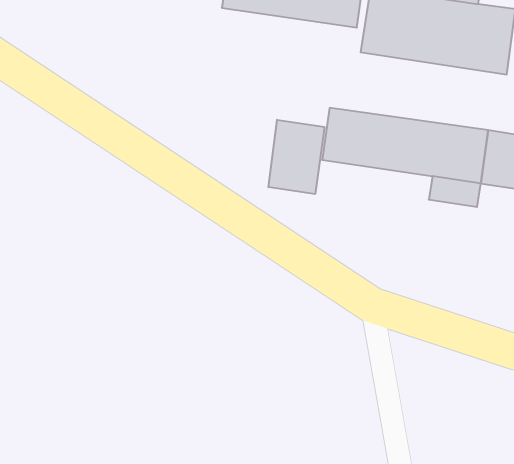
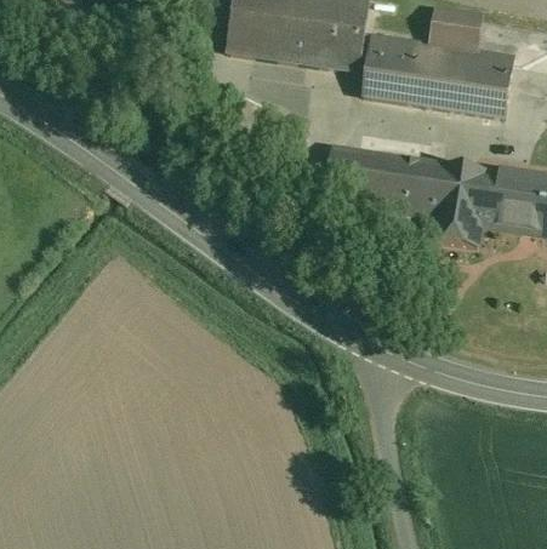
building: [269,120,324,194] -> none

